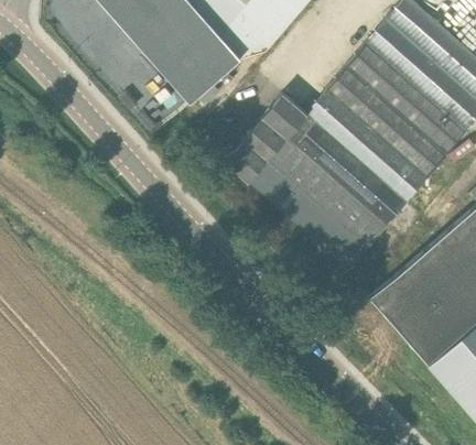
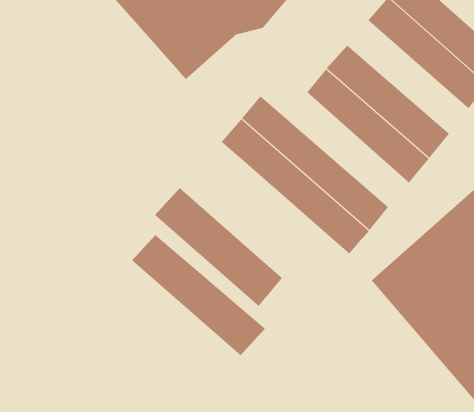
building: [348,42,467,153] -> none
building: [263,90,409,225] -> none
building: none -> [154,187,283,307]
building: none -> [131,234,266,356]

